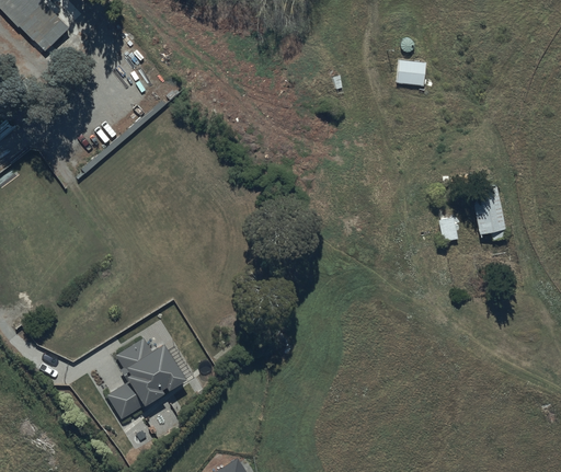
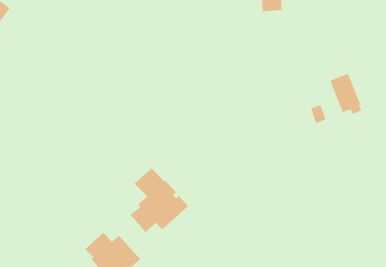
building: none -> [130,168,189,233]

